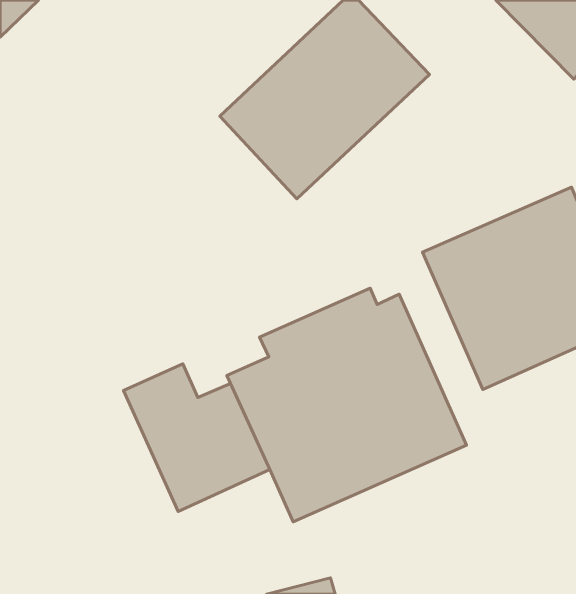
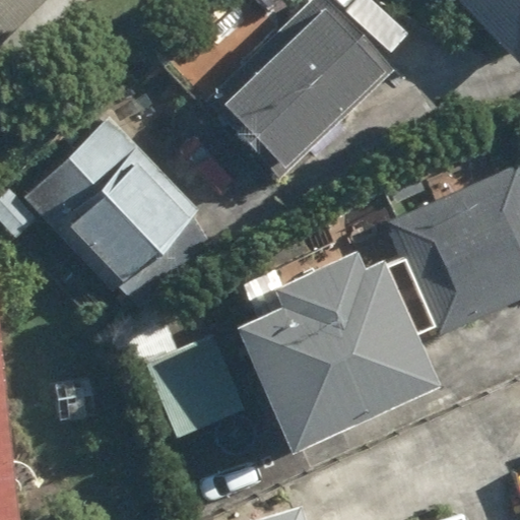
building: none -> [20,116,230,305]

